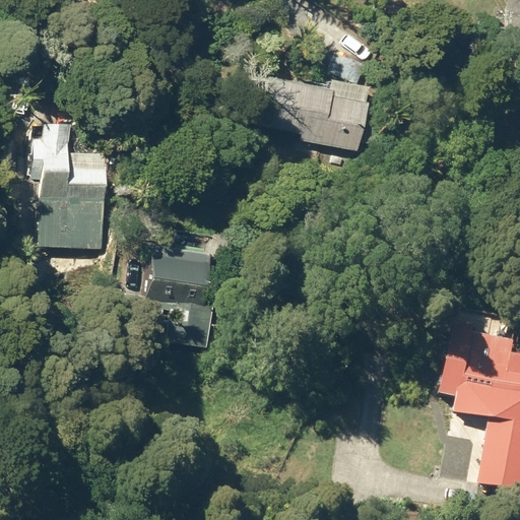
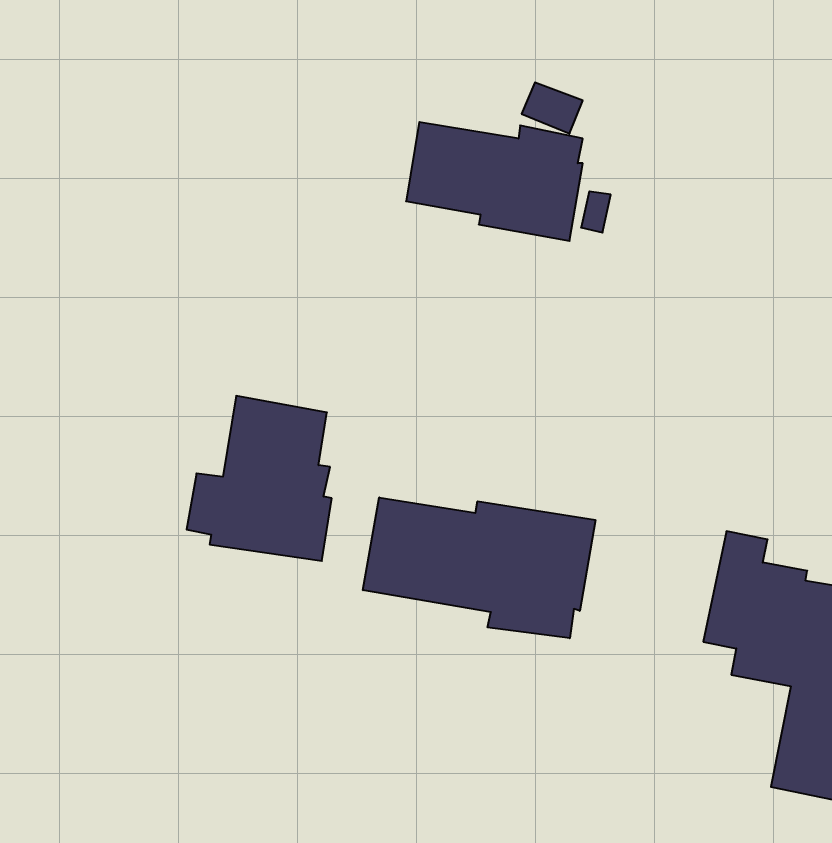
building: [29,119,107,267] -> none
building: none -> [363,497,595,638]

